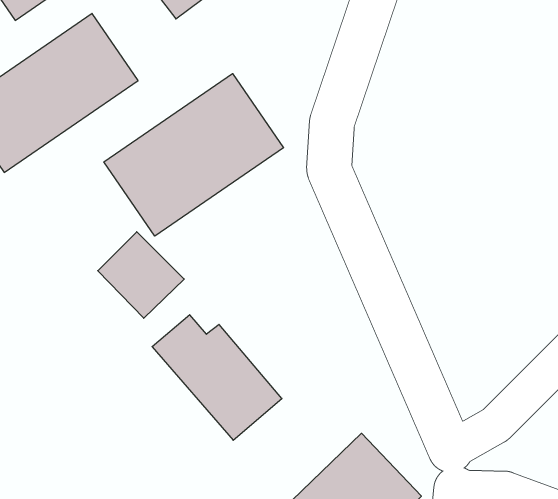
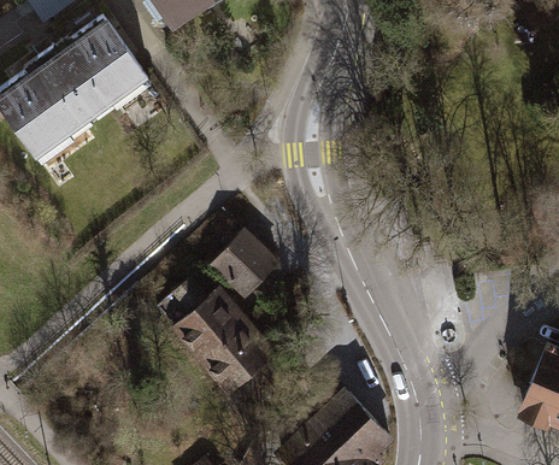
building: [104,74,284,236] -> none
building: [98,232,184,318] -> [208,224,283,299]

